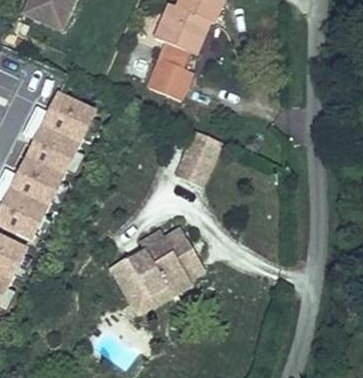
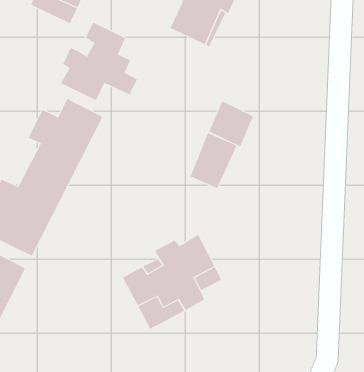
building: none -> [60,22,138,101]
building: [145,56,187,98] -> [208,101,254,147]

